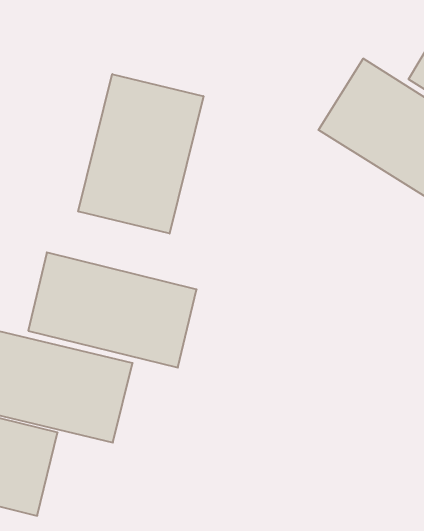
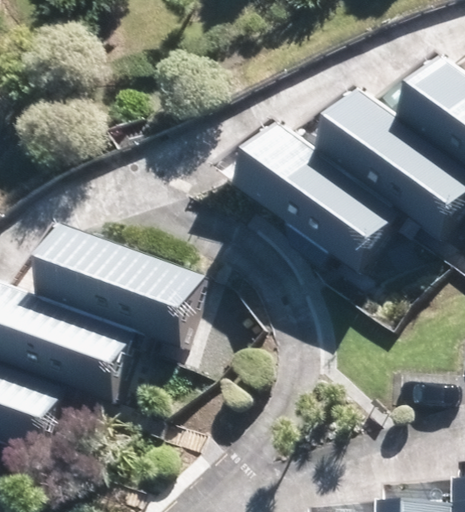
building: [78,74,203,234] -> none
building: none -> [244,126,400,273]

